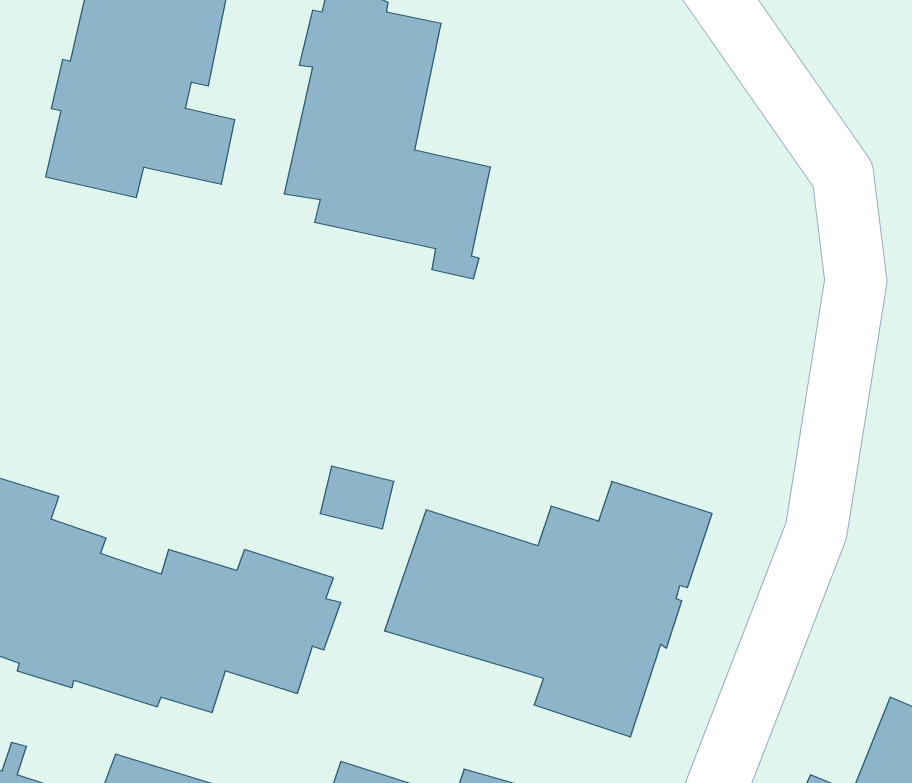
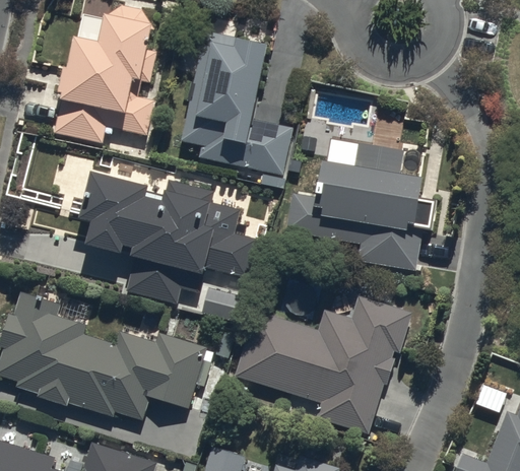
building: none -> [287,143,437,269]
building: none -> [79,176,257,304]

